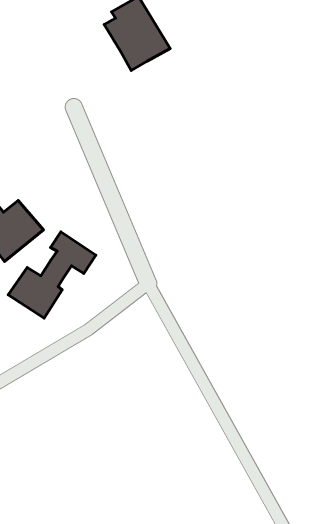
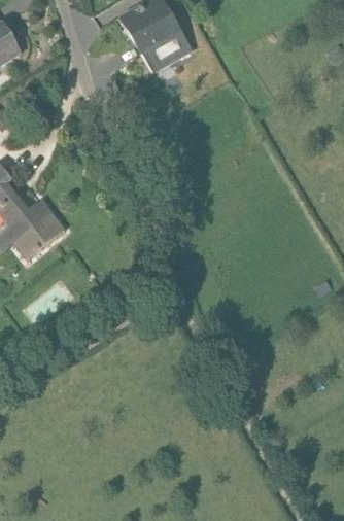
building: [8,232,96,318] -> none

